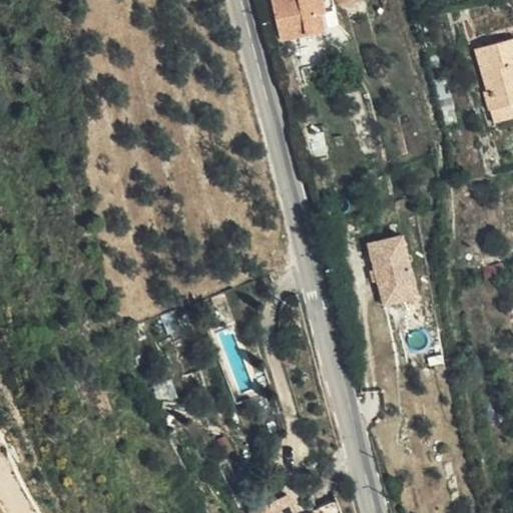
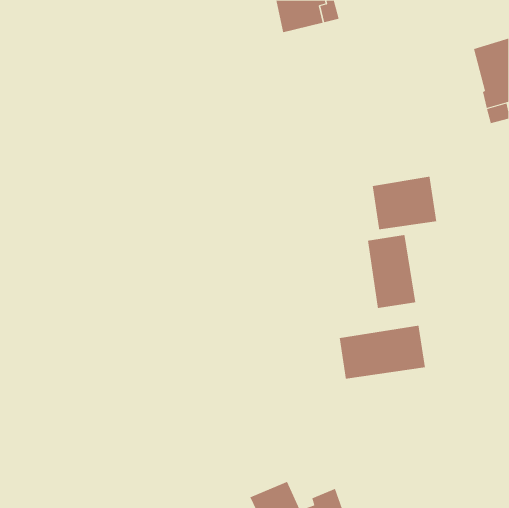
building: none -> [372,176,437,230]
building: none -> [339,325,426,379]

